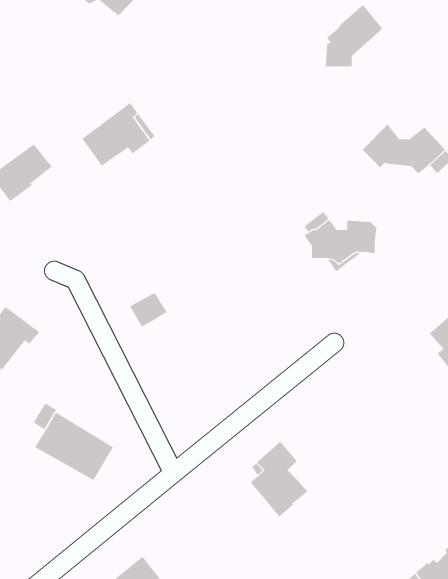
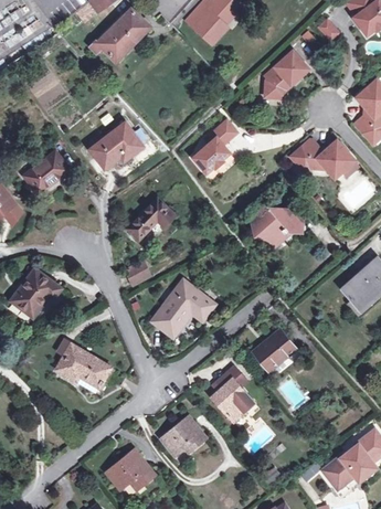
building: none -> [193,120,236,173]
building: none -> [126,198,173,240]
building: none -> [152,283,211,336]
building: none -> [253,330,295,371]
building: none -> [160,415,205,455]

